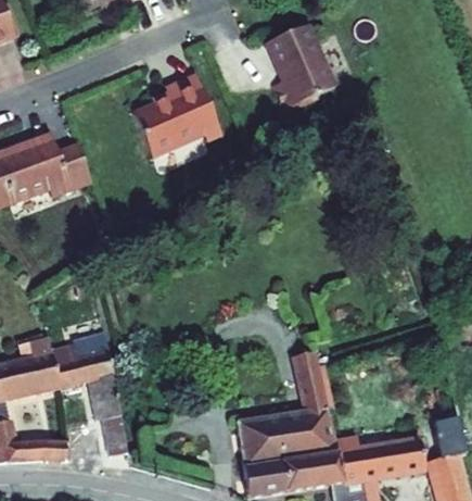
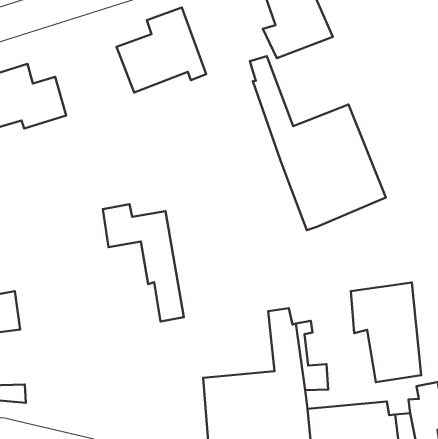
building: none -> [250,56,386,230]
building: none -> [351,283,421,382]
building: [51,345,135,454] -> [103,204,184,322]

